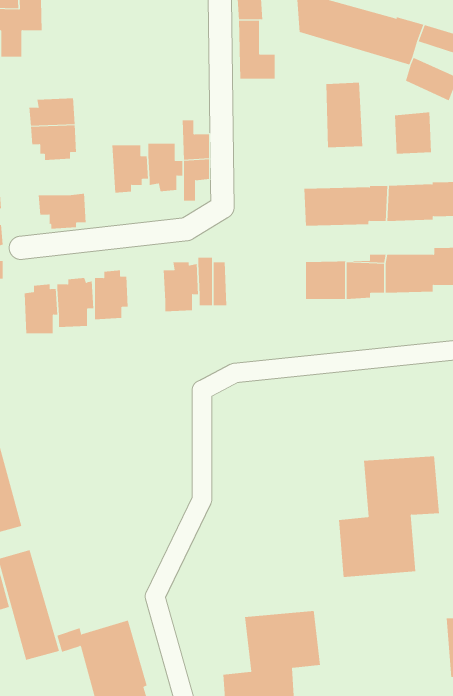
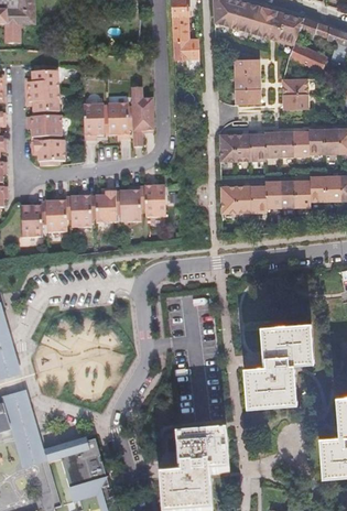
building: none -> [26,113,62,139]
building: none -> [94,189,120,222]

